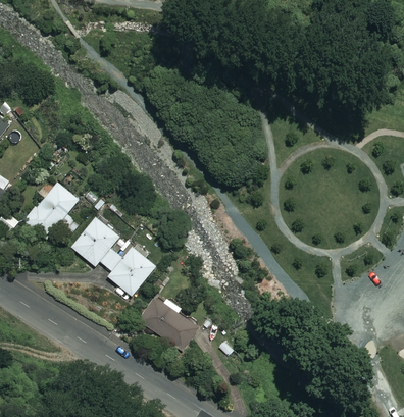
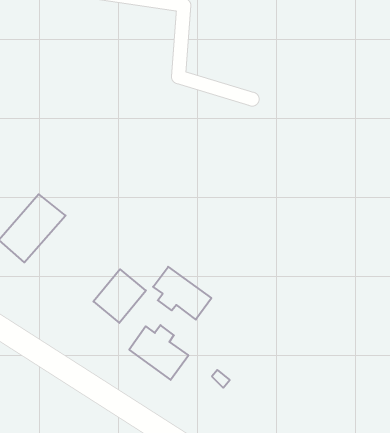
building: [70,216,121,270] -> none
building: none -> [153,267,211,320]

